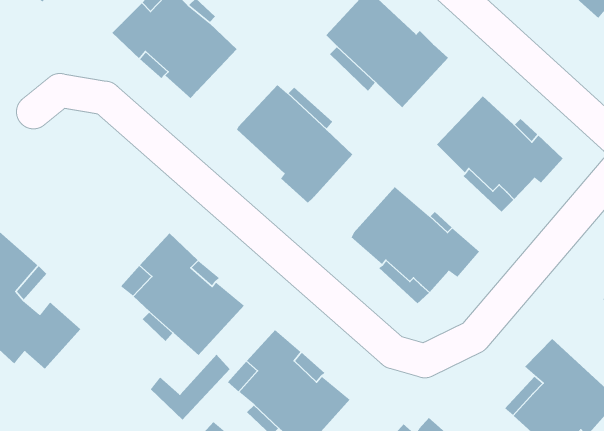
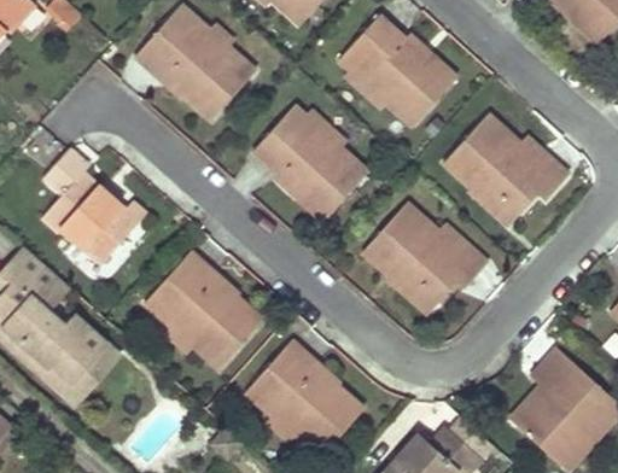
building: none -> [42,146,146,261]
building: [150,354,230,421] -> [41,340,118,404]

